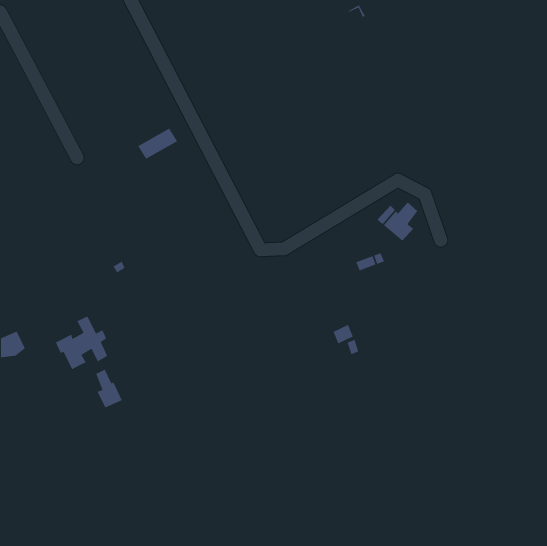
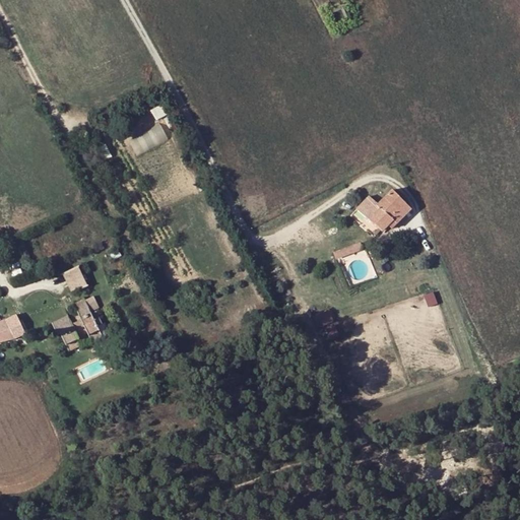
building: none -> [63,265,87,292]
building: [95,368,123,408] -> none

